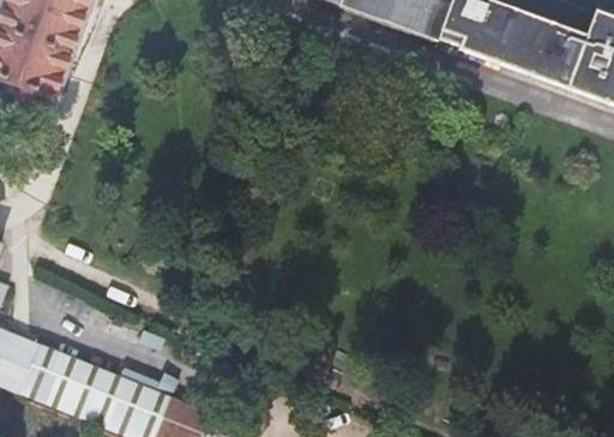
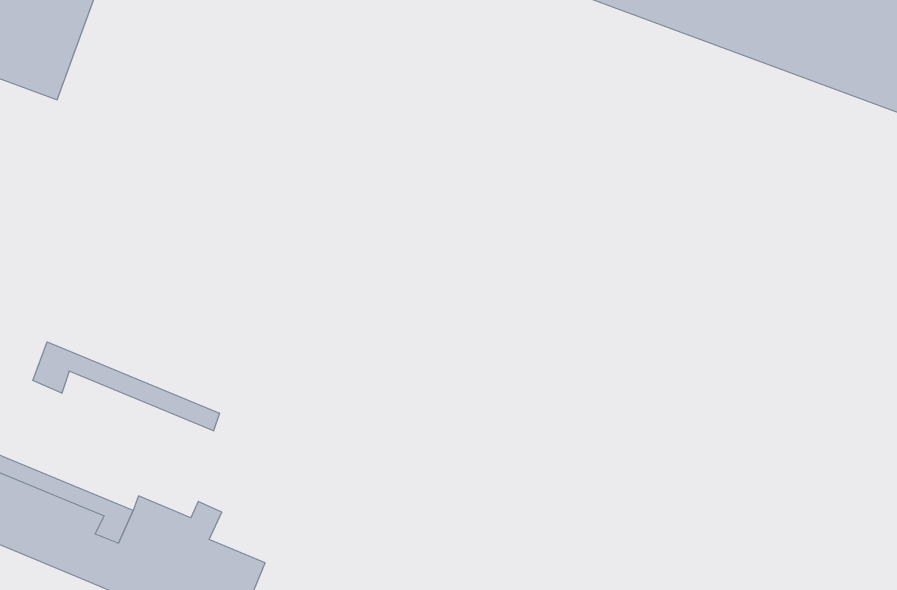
building: none -> [33,342,219,431]

